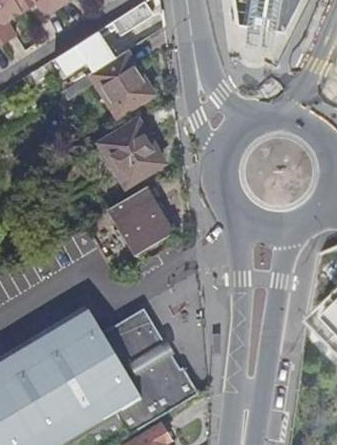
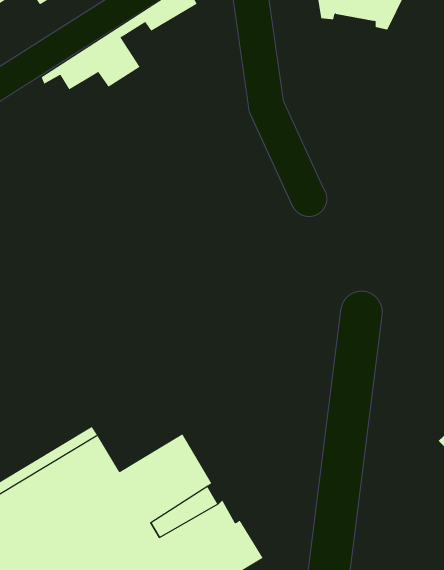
building: [89,51,154,118] -> none
building: [99,119,163,187] -> none
building: [108,188,172,254] -> none

